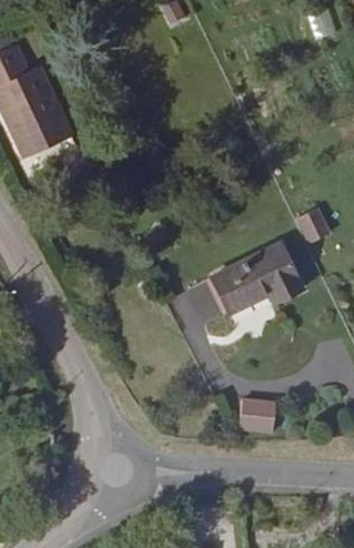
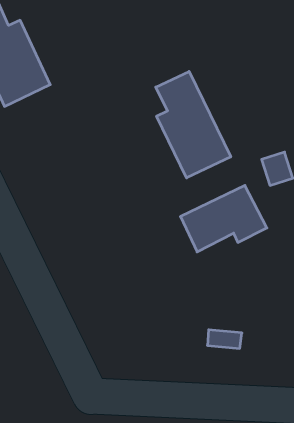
building: none -> [156,71,231,178]

